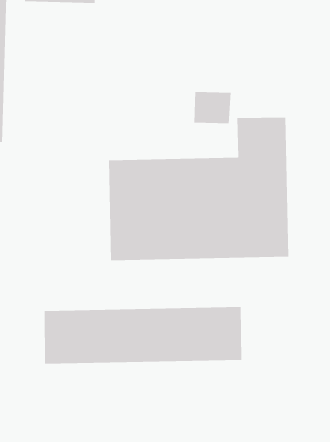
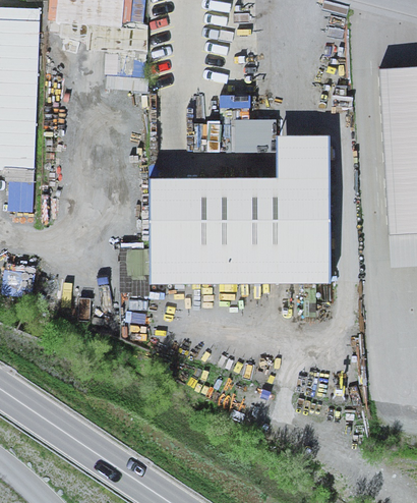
building: [44,306,242,365] -> none

